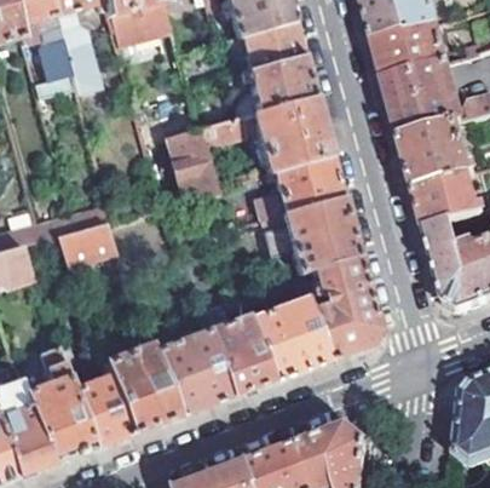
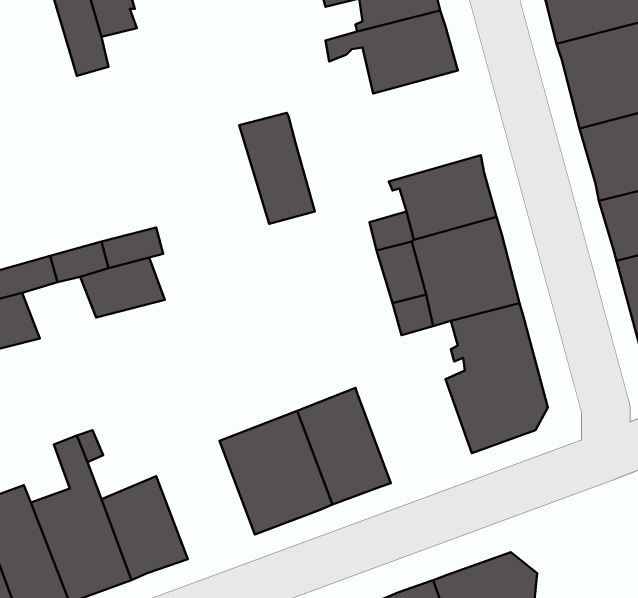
building: [198,96,330,172] -> none
building: [246,295,324,379] -> none
building: [93,333,175,431] -> none

